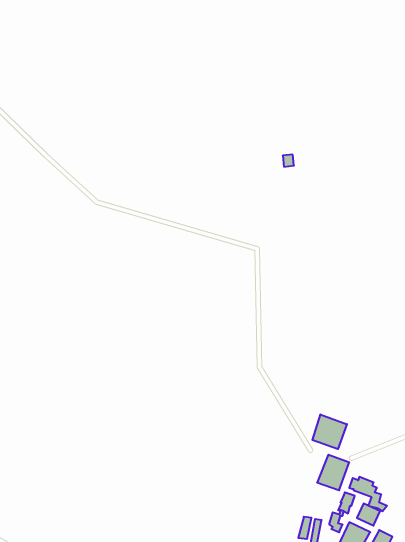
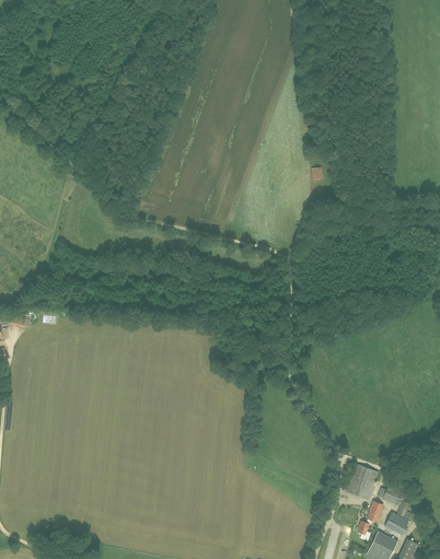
building: [312,414,347,449] -> none

